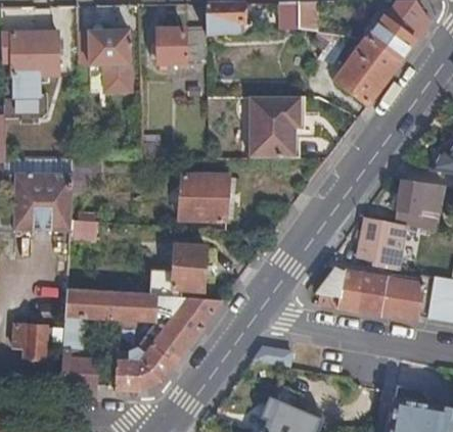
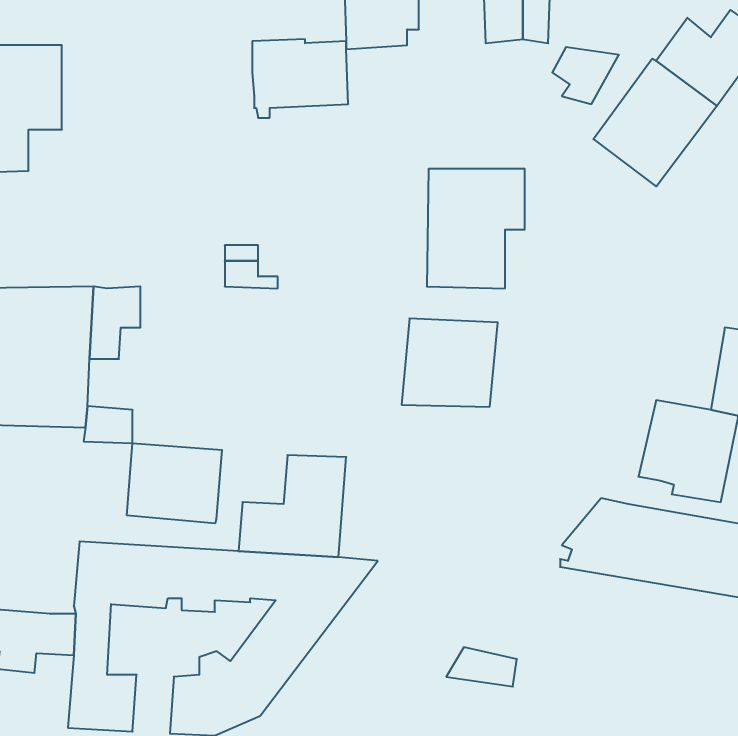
building: [78,30,131,90] -> none
building: [179,174,229,220] -> [402,318,498,407]
building: none -> [127,443,222,523]

